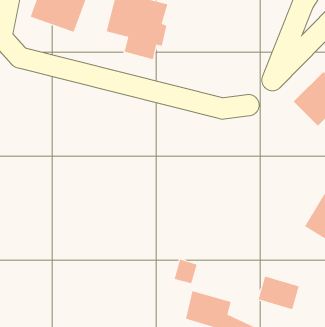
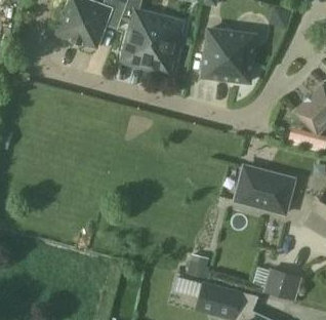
building: none -> [203,29,255,82]
building: none -> [235,166,294,213]

